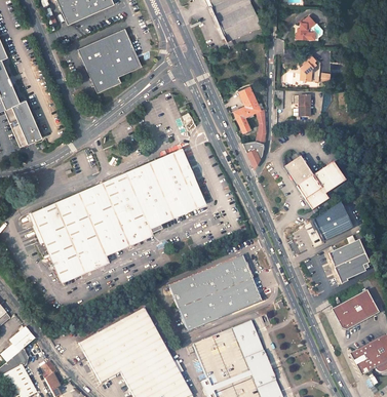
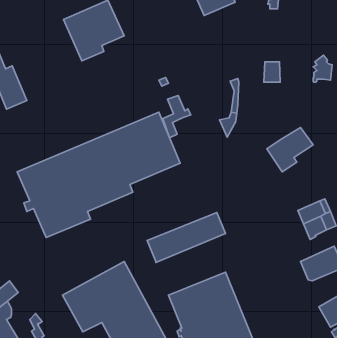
building: [301,54,321,83] -> [313,55,332,82]
building: [236,91,266,136] -> [163,95,191,138]
building: [284,157,312,187] -> none
building: [313,202,352,241] -> none
building: [179,277,262,330] -> none

